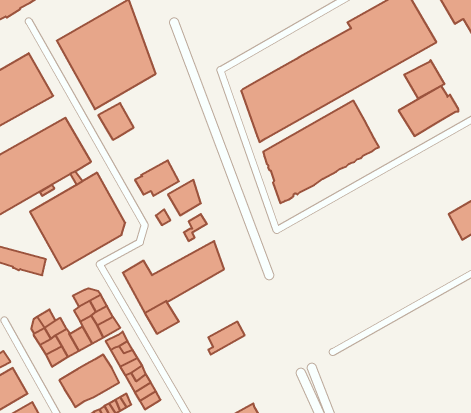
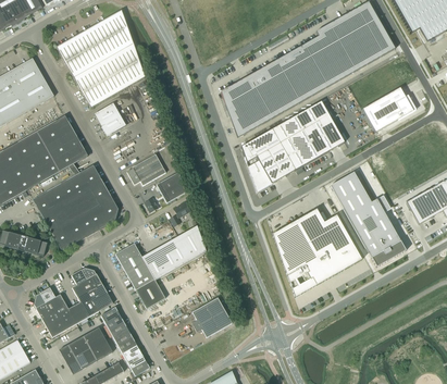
building: [404,60,444,99] -> none
building: none -> [330,172,406,267]
building: none -> [272,209,361,297]
building: none -> [194,309,232,337]

